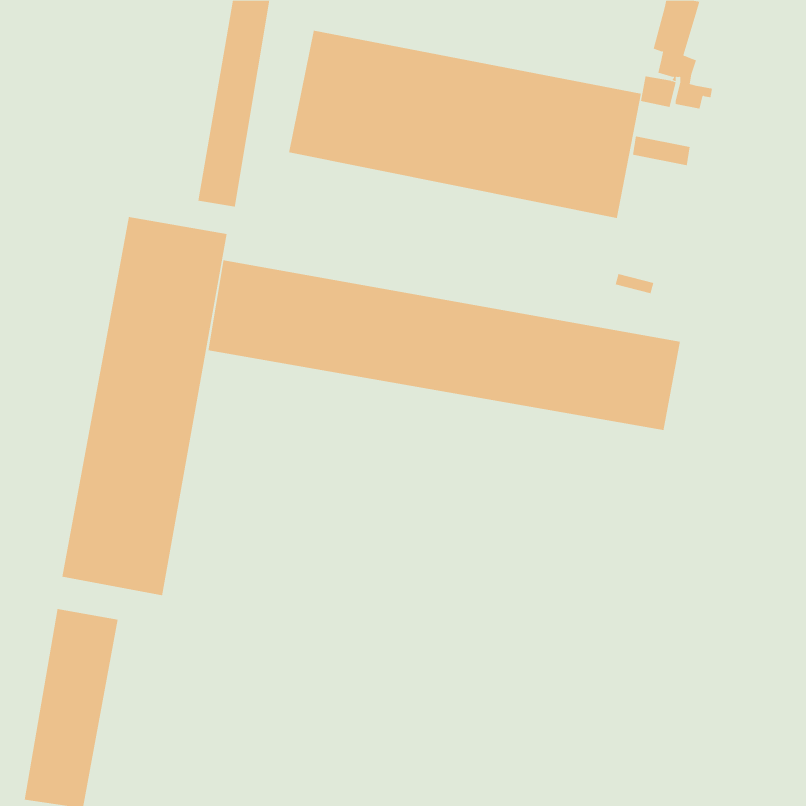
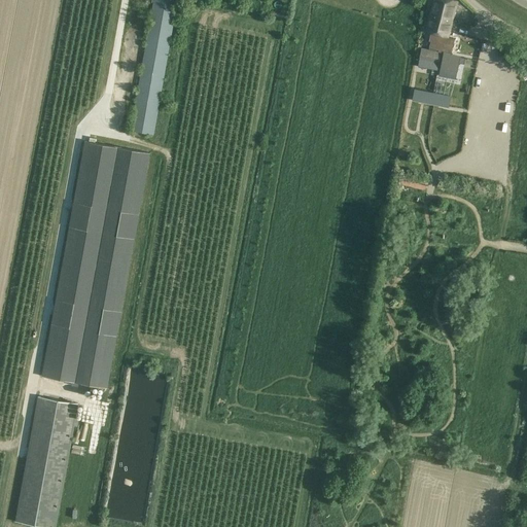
building: [288,30,642,219] -> none
building: [208,259,680,431] -> none

